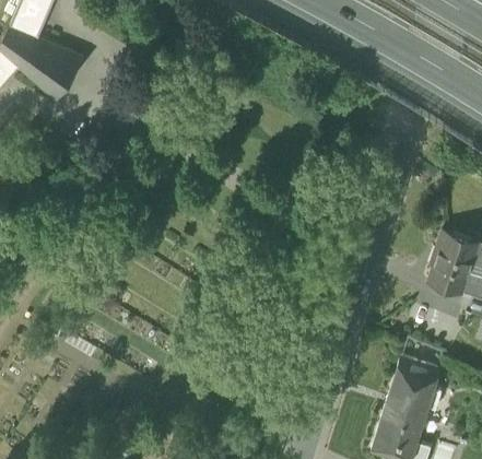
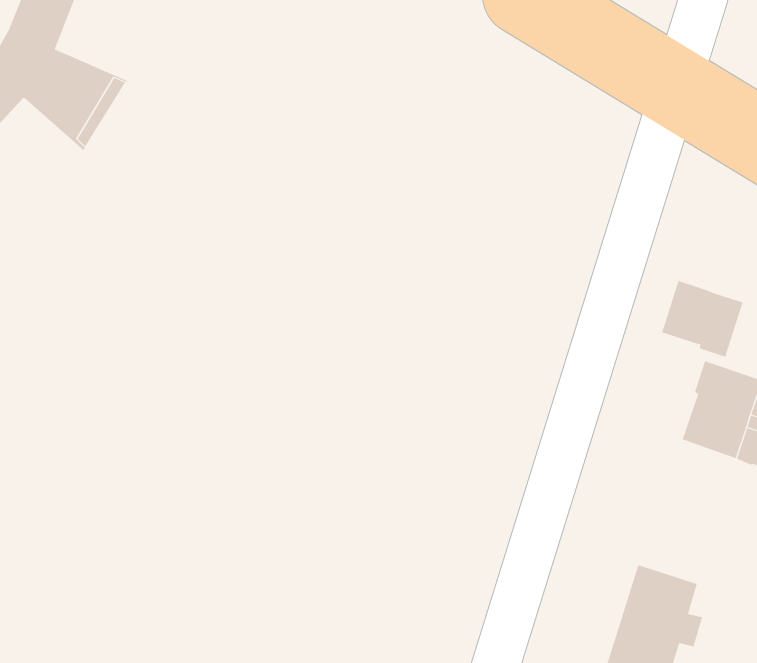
building: none -> [662,280,744,357]

